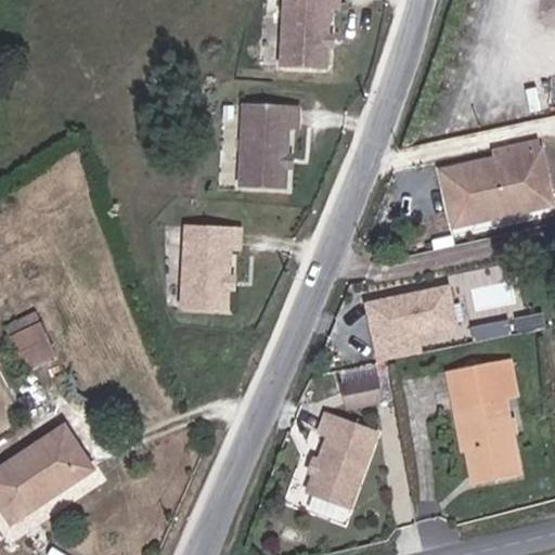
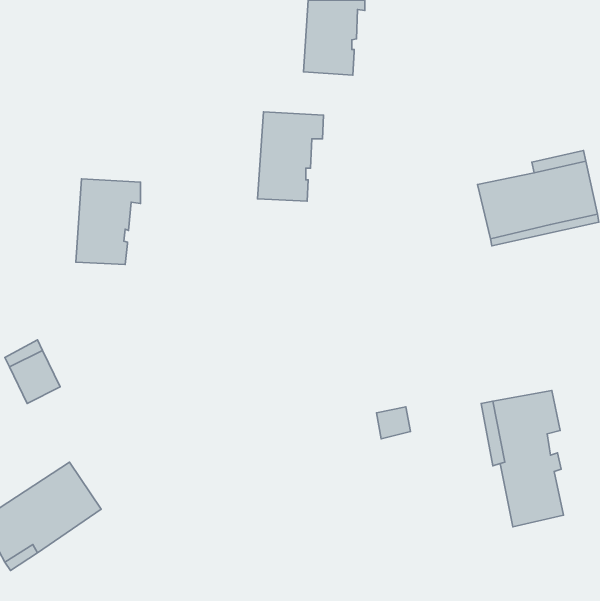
building: [181,225,241,305] -> [76,179,140,265]
building: [364,281,467,356] -> none
building: [310,412,375,505] -> none

